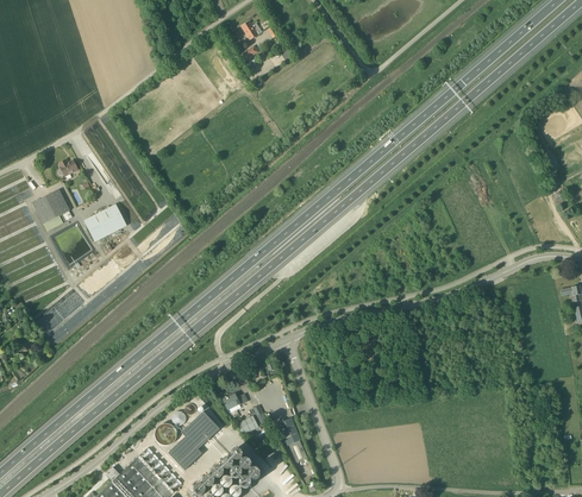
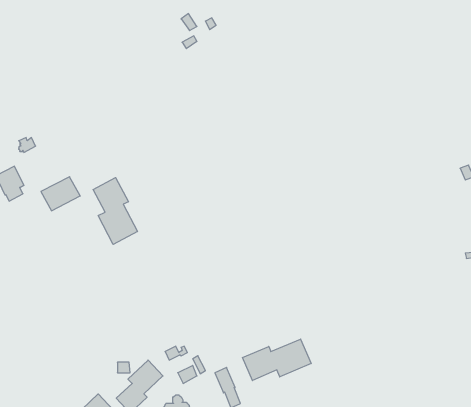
building: none -> [93,178,137,244]
building: none -> [242,339,311,381]

